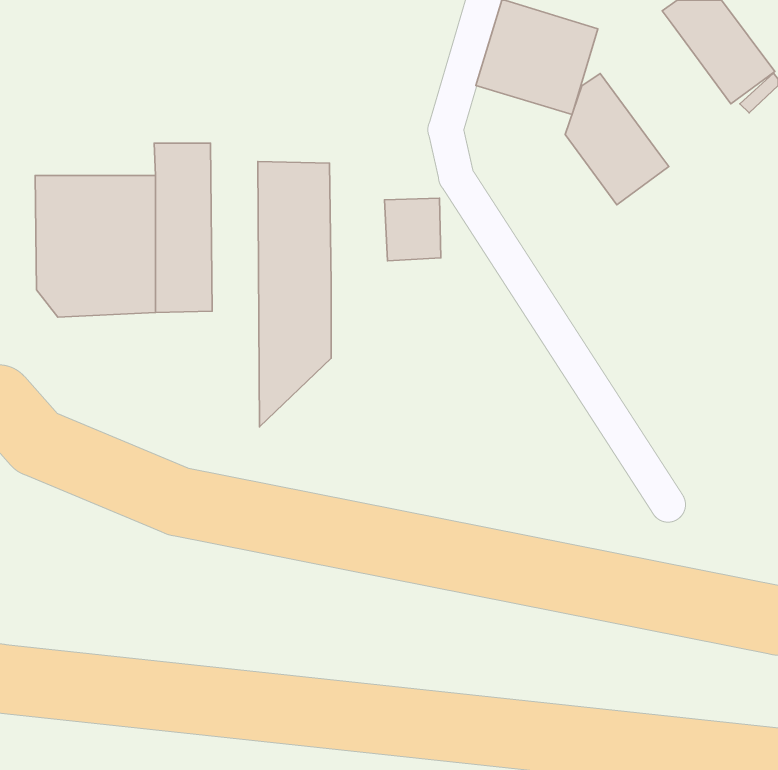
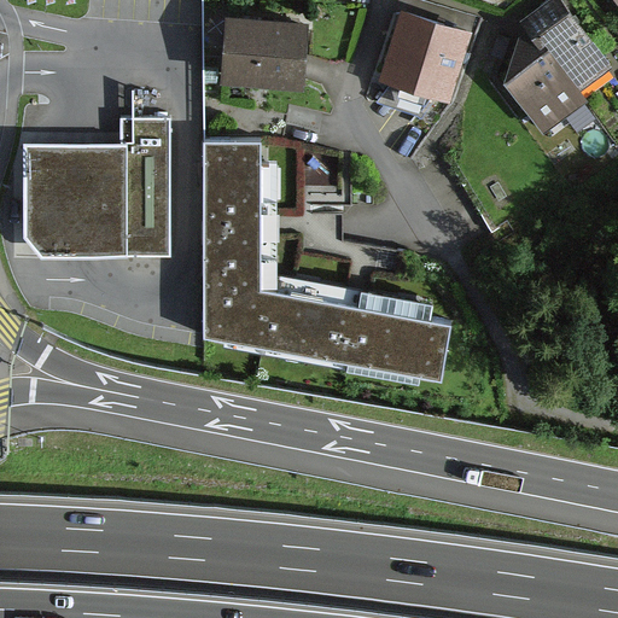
building: none -> [226,18,303,86]
building: [565,74,669,205] -> [503,25,585,129]
building: none -> [205,291,449,383]

